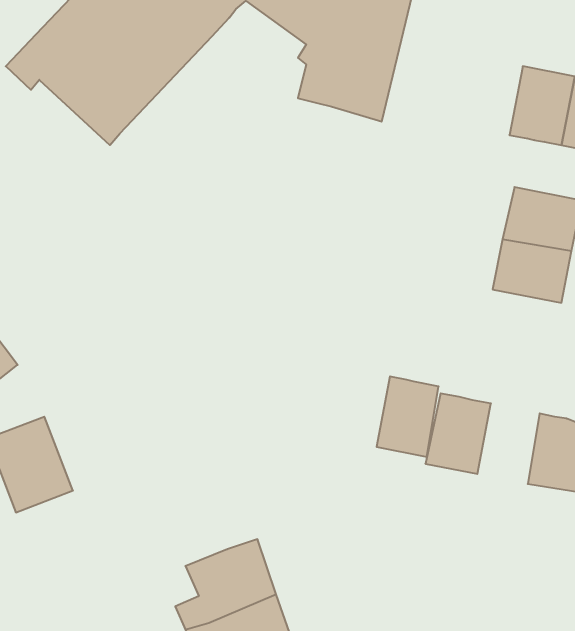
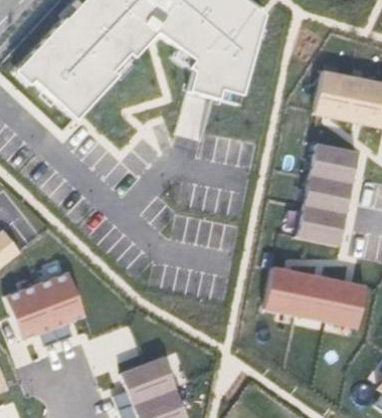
building: none -> [298,205,346,244]
building: [377,376,439,457] -> [296,273,333,322]
building: none -> [36,269,84,326]

